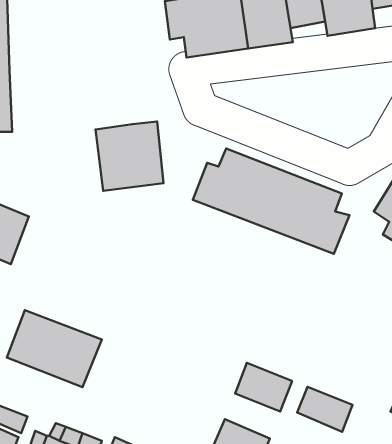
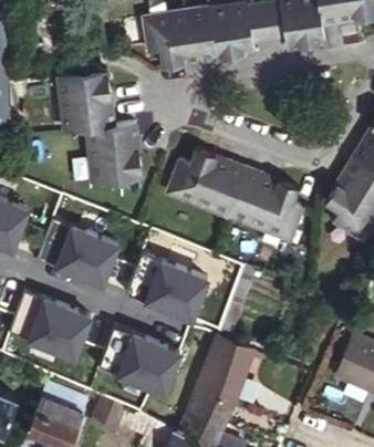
building: none -> [56,73,116,134]
building: none -> [34,216,116,282]
building: none -> [125,250,206,316]
building: none -> [97,322,178,388]
building: [297,387,352,432] -> [196,360,243,398]

